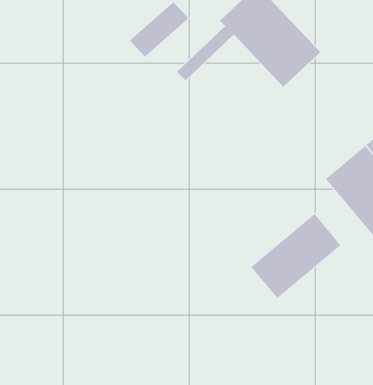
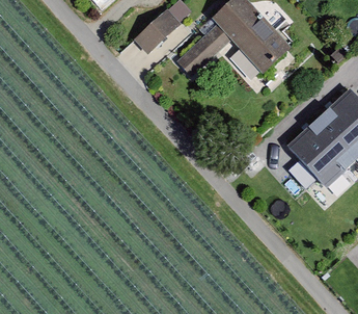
building: [251,213,341,299] -> none

